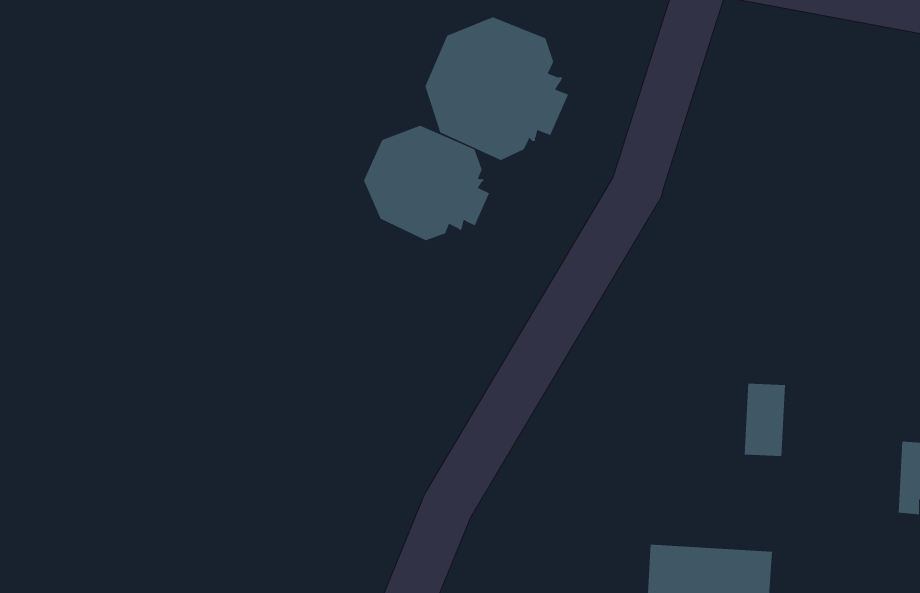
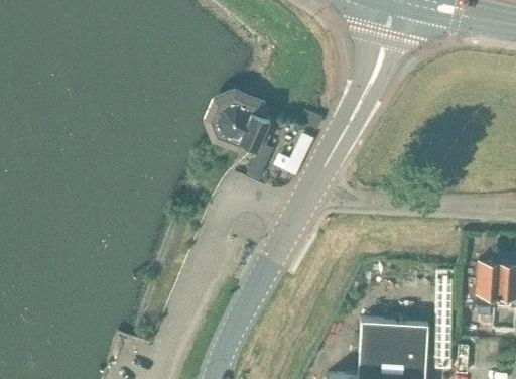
building: [425,16,569,161] -> none
building: [744,383,786,457] -> [477,263,500,303]

